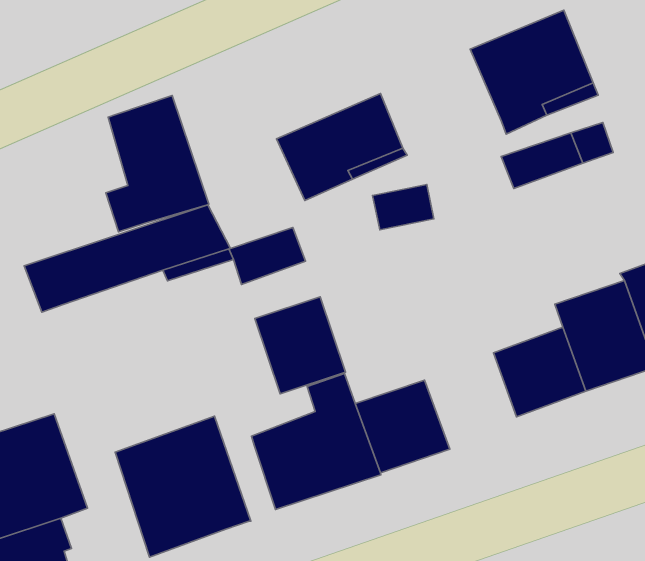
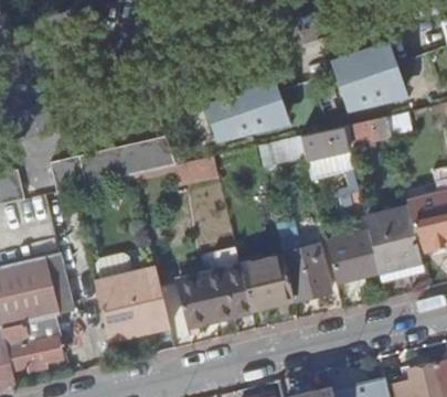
building: [106,96,209,232] -> none
building: none -> [300,125,350,159]
building: [255,297,346,394] -> none
building: none -> [285,244,331,299]

